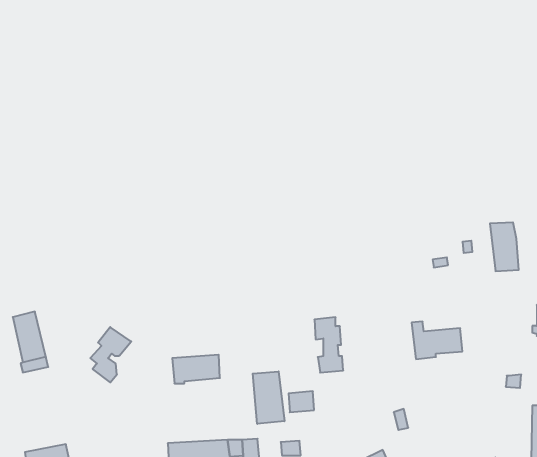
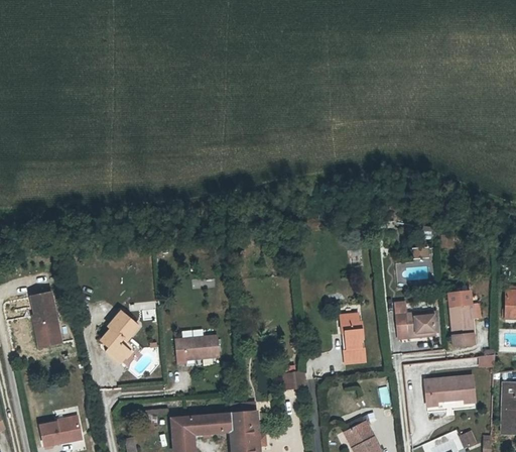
building: [490,222,519,271] -> [447,293,474,337]
building: [314,317,343,373] -> [341,312,367,362]
building: [253,371,284,424] -> none
building: none -> [424,376,474,406]

